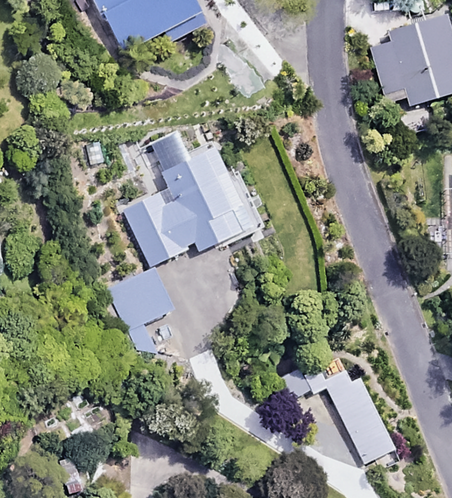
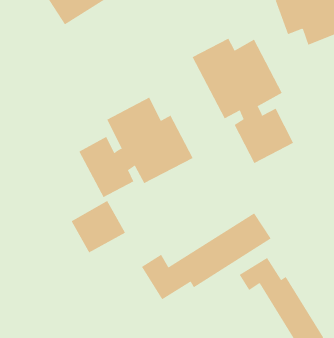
building: none -> [192,38,294,164]
building: none -> [141,212,271,300]

